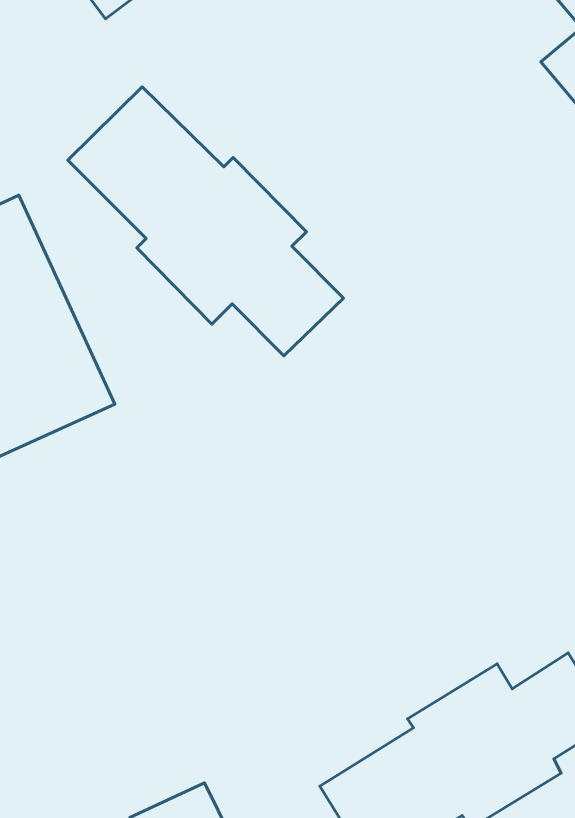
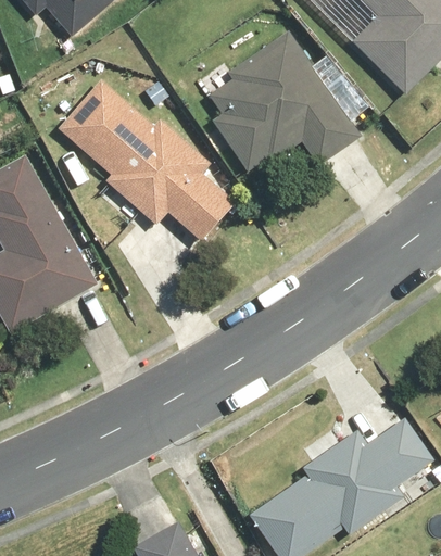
building: none -> [207,30,362,170]

